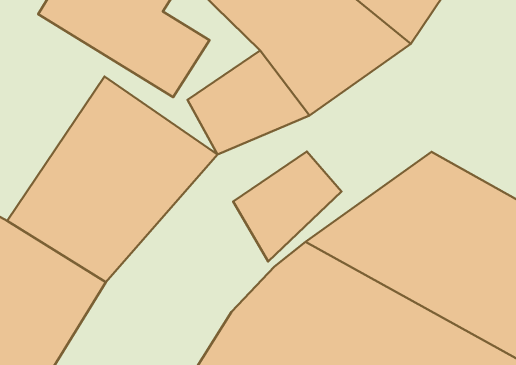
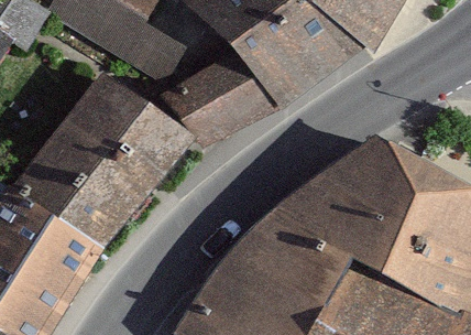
building: [233,151,341,261] -> none

